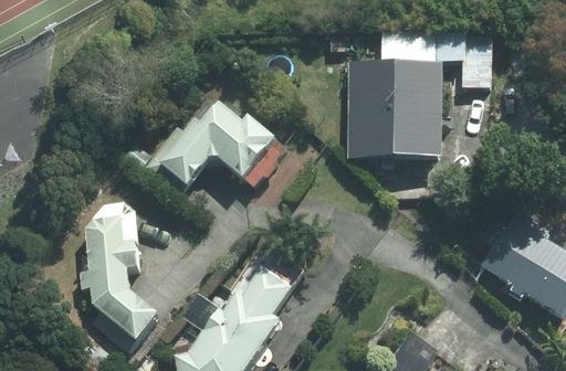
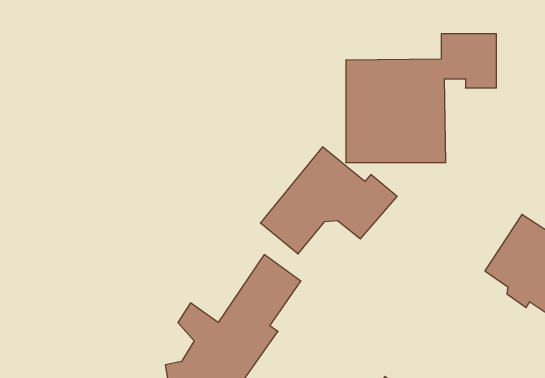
building: [145,91,276,193] -> [260,147,397,254]
building: [81,203,160,350] -> none

